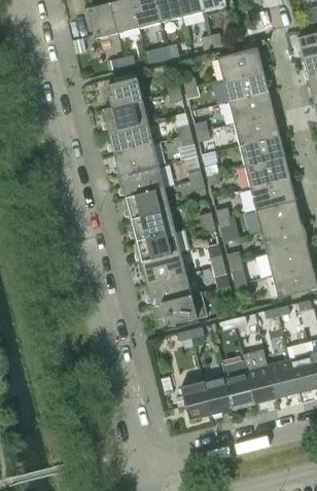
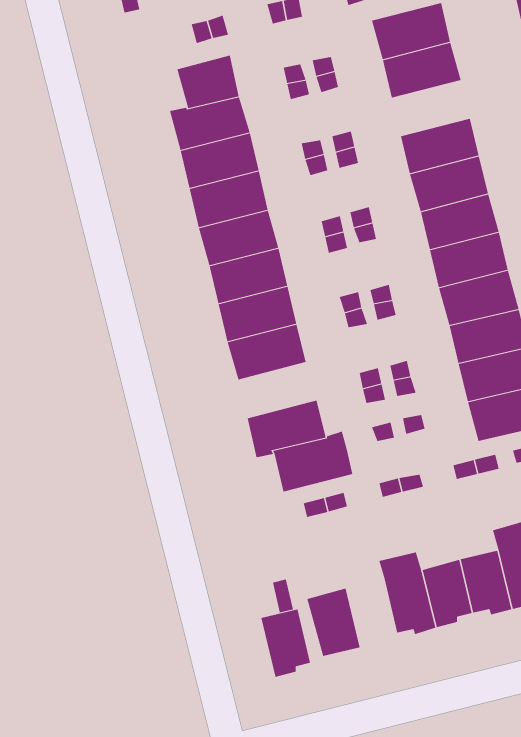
building: [228,92,274,124] -> none
building: [141,252,186,284] -> none
building: [203,376,232,415] -> [260,609,311,677]

